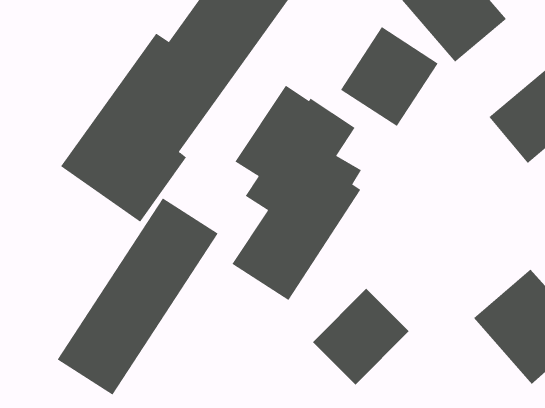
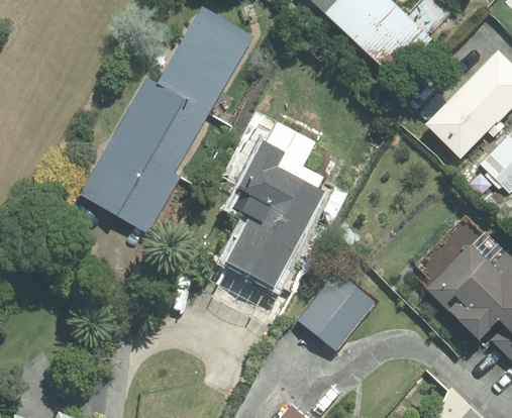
building: [340,26,438,127] -> none
building: [57,197,219,395] -> none

